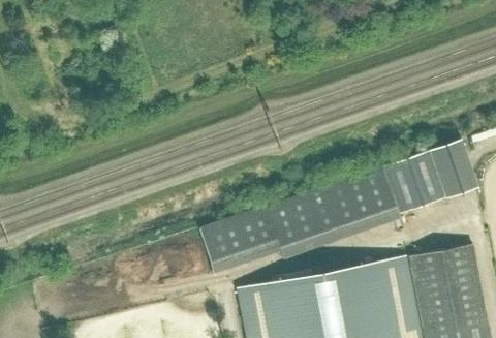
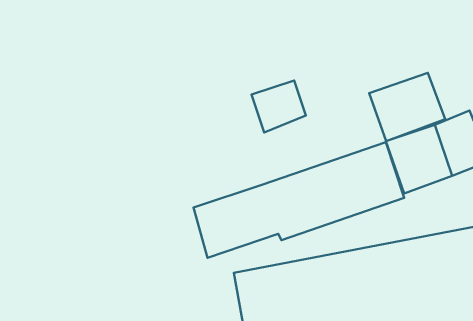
building: none -> [369,73,445,141]
building: none -> [251,81,306,132]

